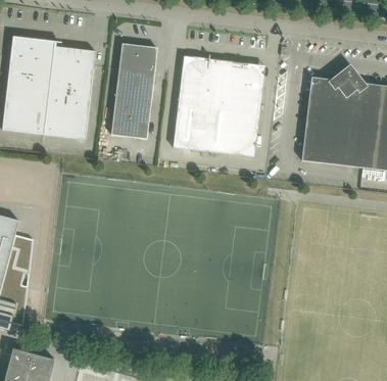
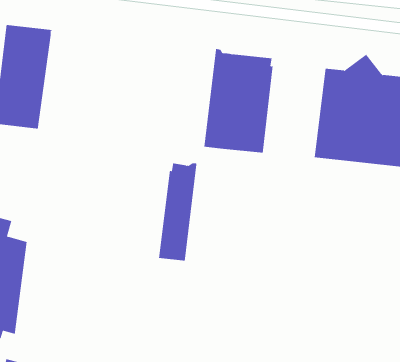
building: [111,43,157,139] -> none
building: [44,46,96,139] -> none
building: [173,57,209,150] -> [158,162,198,261]

